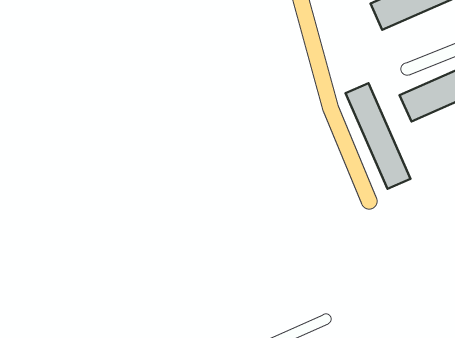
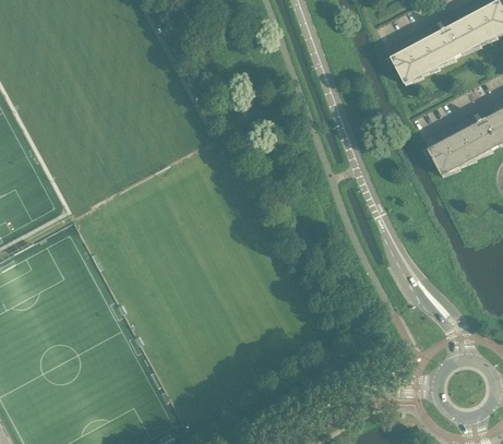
building: [345,83,411,189] -> none

